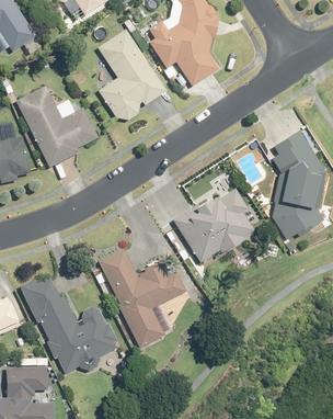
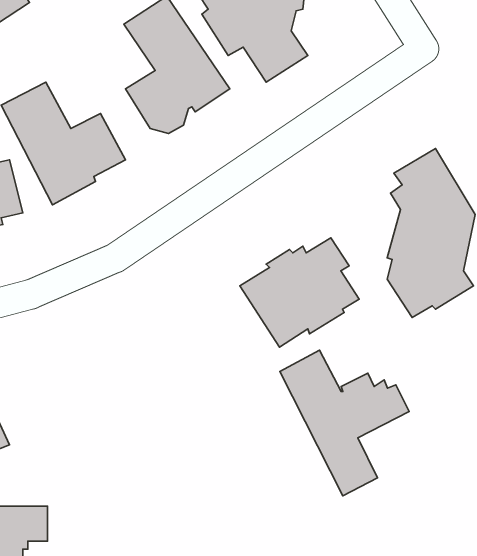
building: [99,249,184,346] -> [280,350,409,496]
building: [22,275,117,373] -> none

